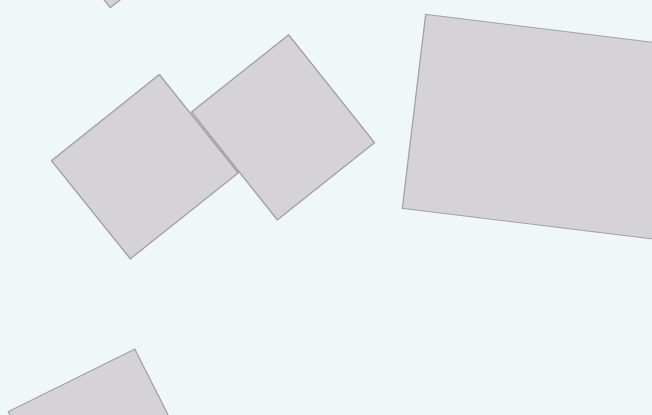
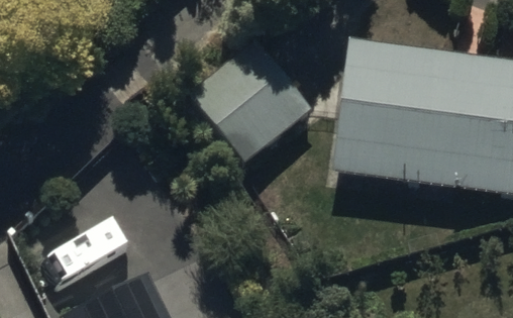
building: [52,75,238,259] -> none

